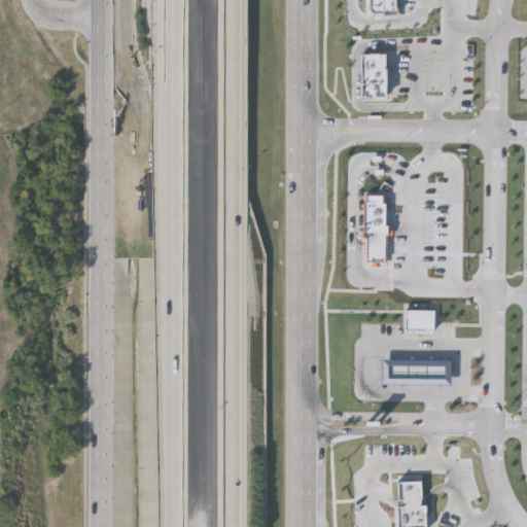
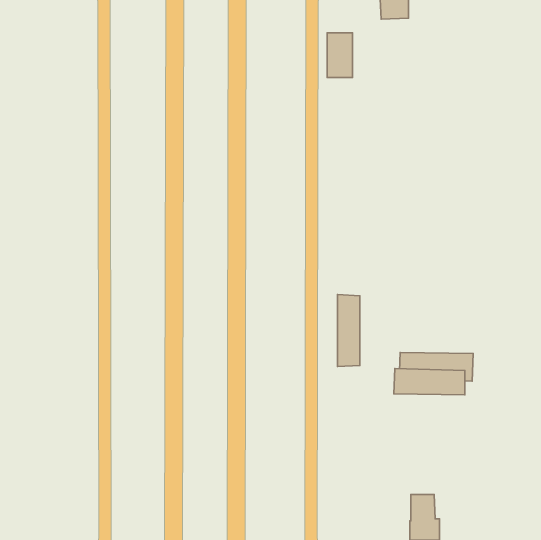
building: [362,54,387,97] -> [327,33,353,77]
building: [364,194,386,264] -> [338,295,360,367]
building: [406,309,434,330] -> none

